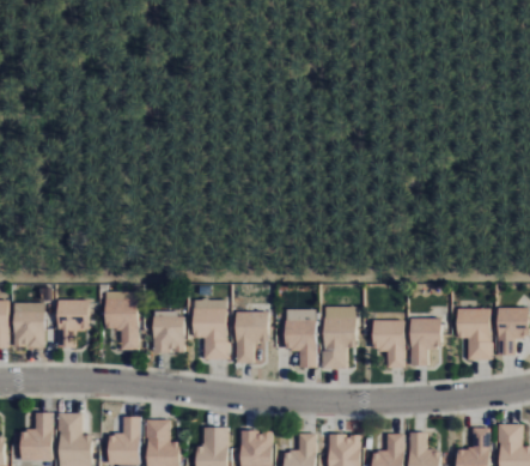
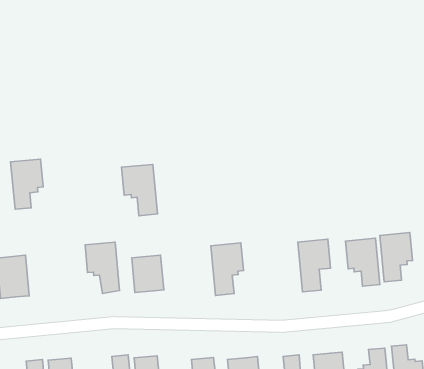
building: [57,299,89,349] -> [11,159,43,209]
building: [194,307,226,358] -> [122,164,157,216]
building: [285,319,316,370] -> none

